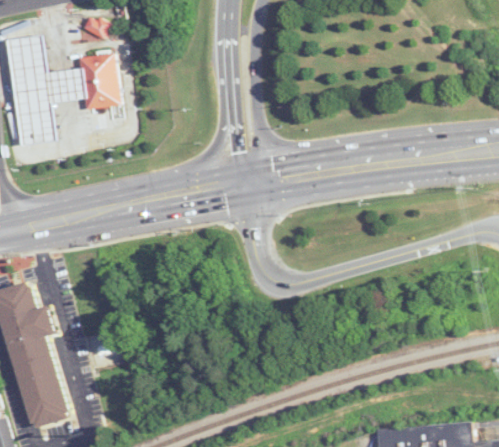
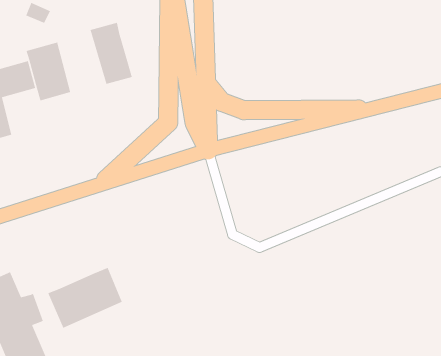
building: none -> [90,22,133,85]
building: none -> [47,267,123,329]

